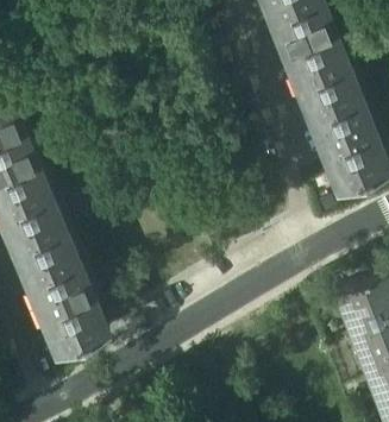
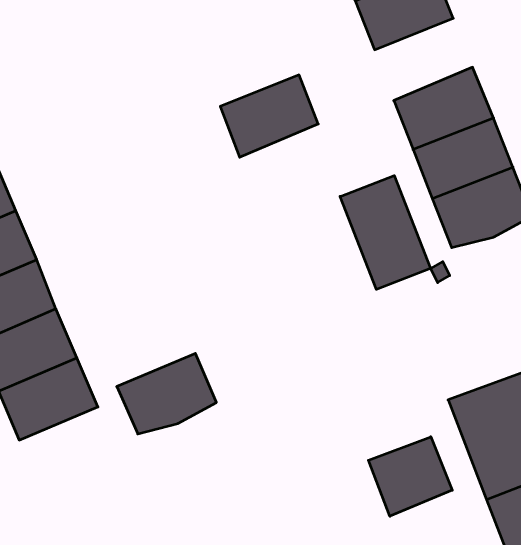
building: [284,40,351,96] -> [220,75,318,157]
building: none -> [340,176,431,289]
building: [43,304,111,359] -> [117,353,216,434]
building: none -> [368,437,452,516]

